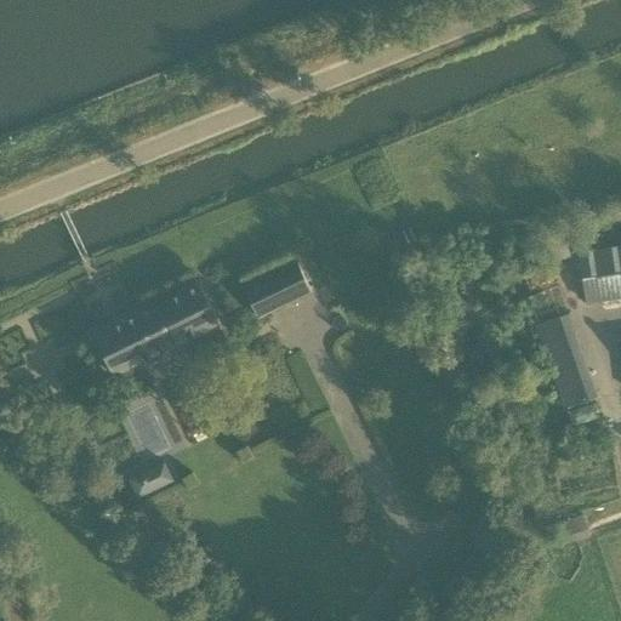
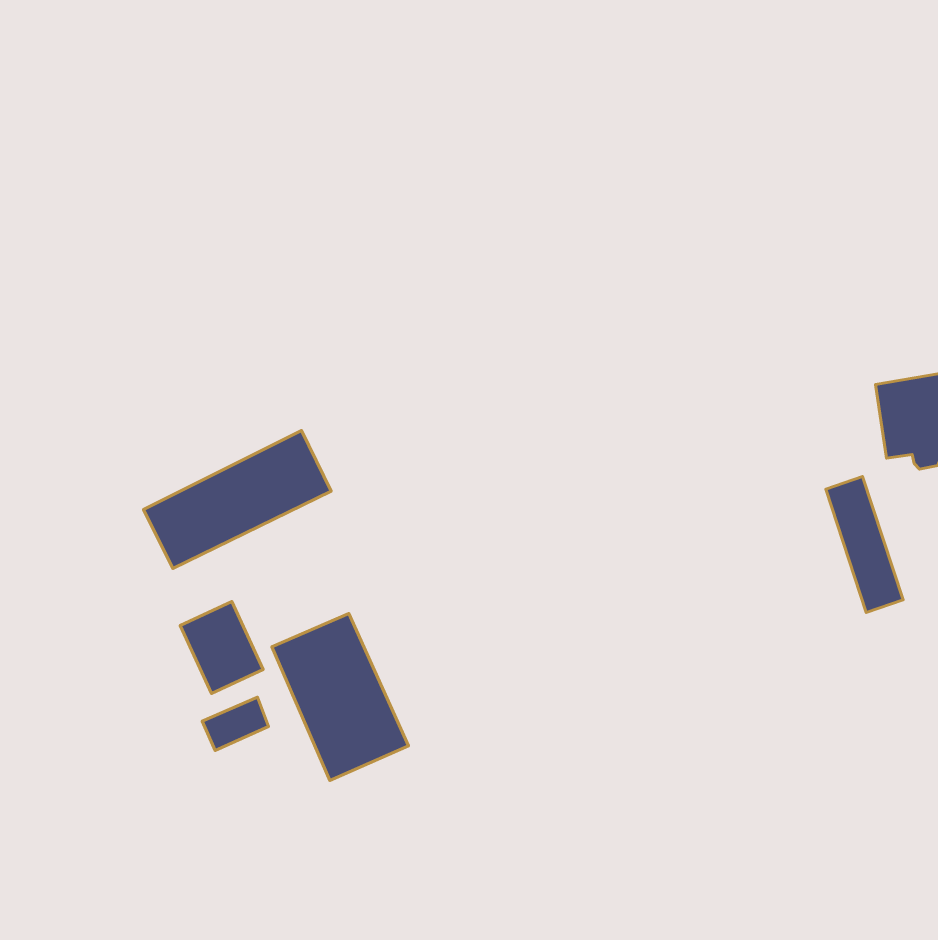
building: [245,263,313,318] -> none
building: none -> [272,614,408,781]

